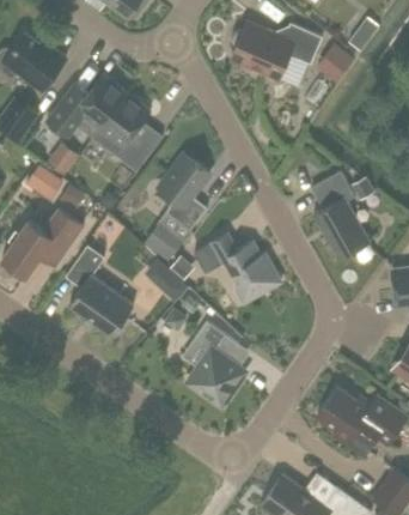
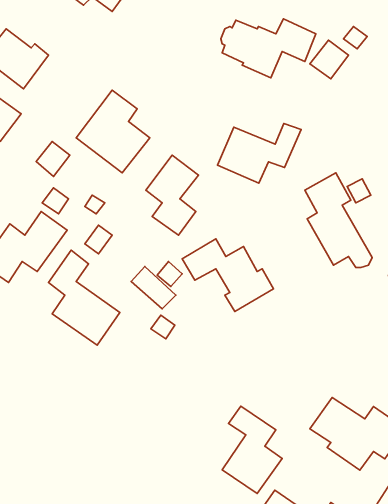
building: [45,73,127,137] -> none
building: none -> [217,123,301,183]
building: [25,163,65,200] -> none
building: [145,220,185,260] -> none
building: [188,321,245,405] -> [222,406,282,494]

